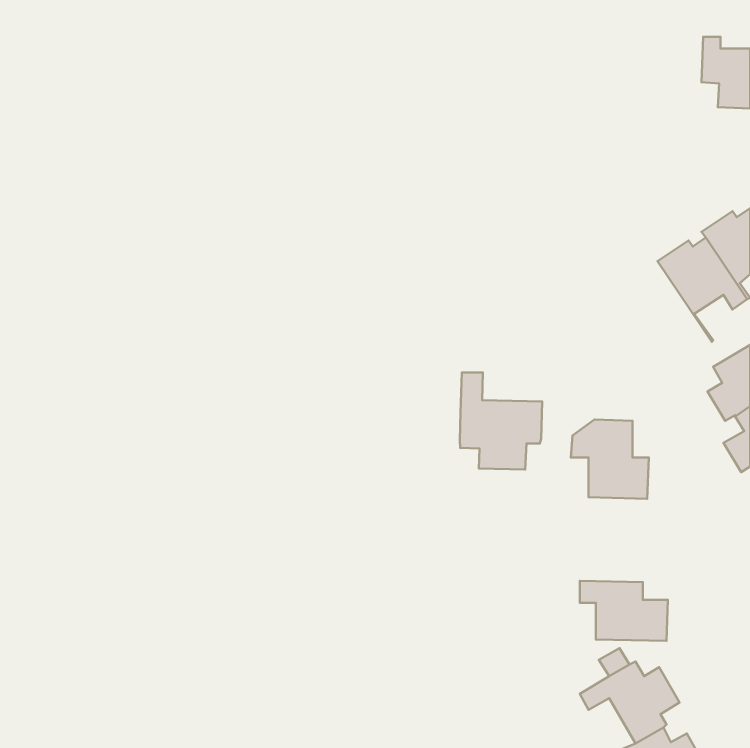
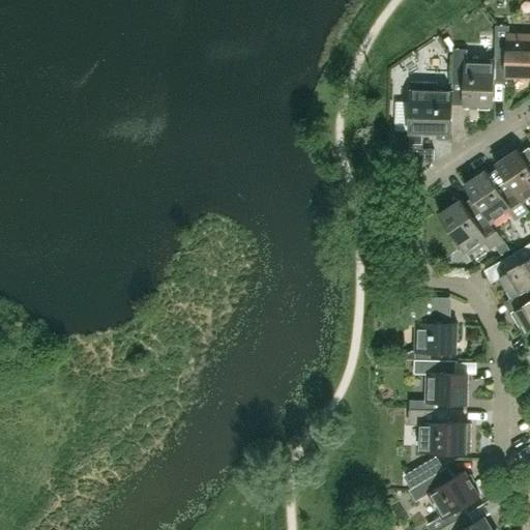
building: none -> [452,50,495,107]
building: none -> [409,82,452,163]
building: none -> [439,185,502,253]
building: [460,372,542,470] -> none
building: none -> [414,360,468,412]

